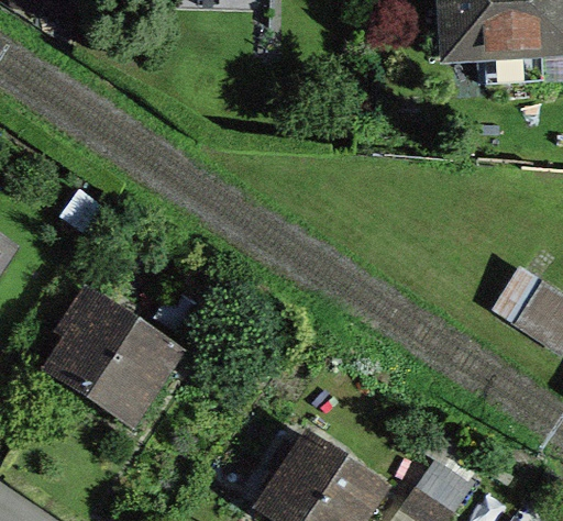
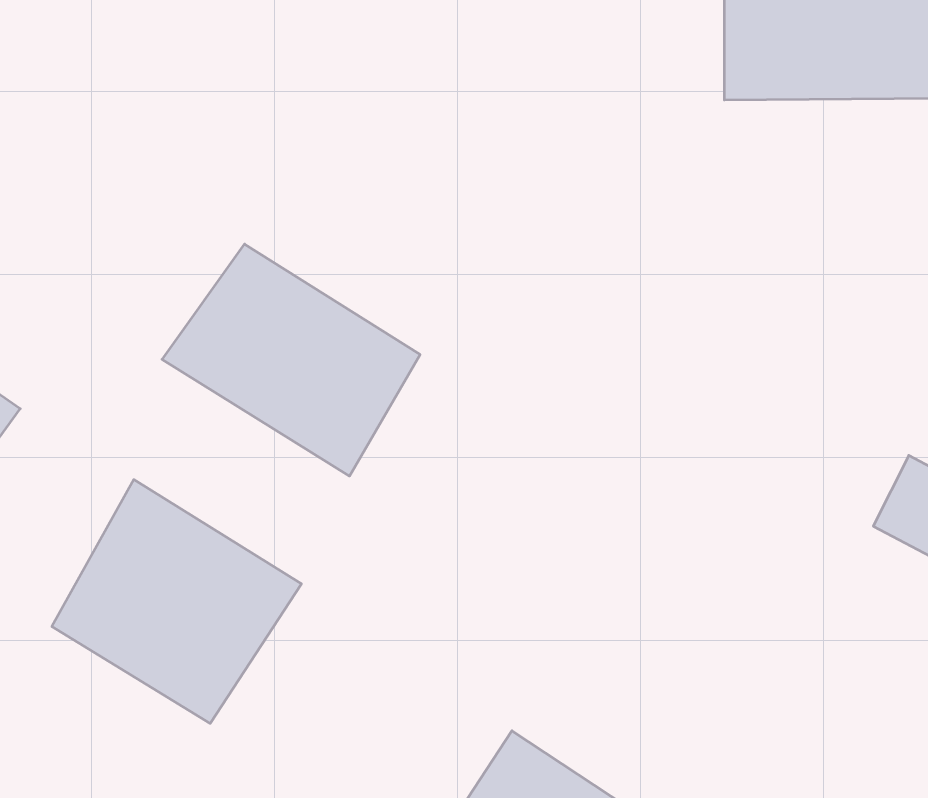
building: none -> [162,244,420,476]

